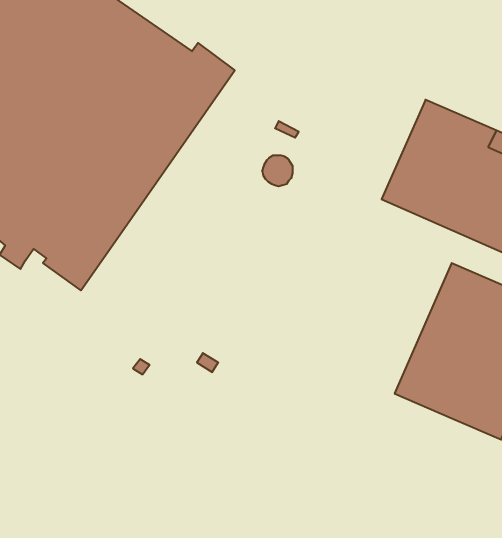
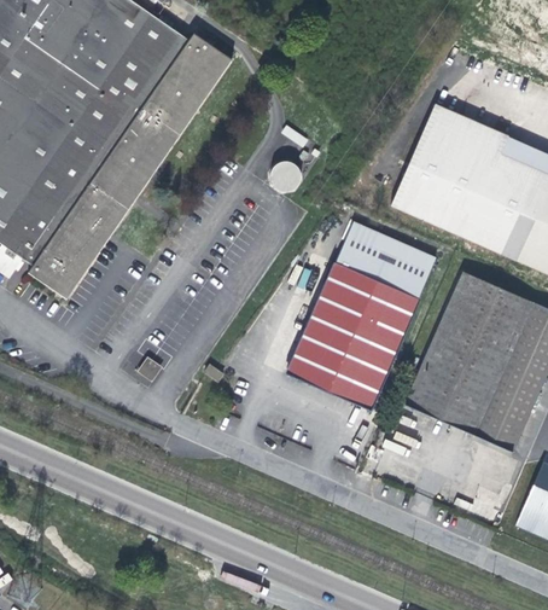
building: none -> [286,220,436,406]

